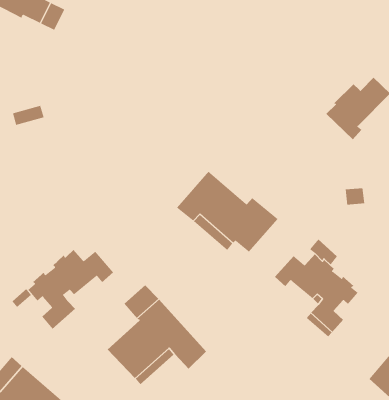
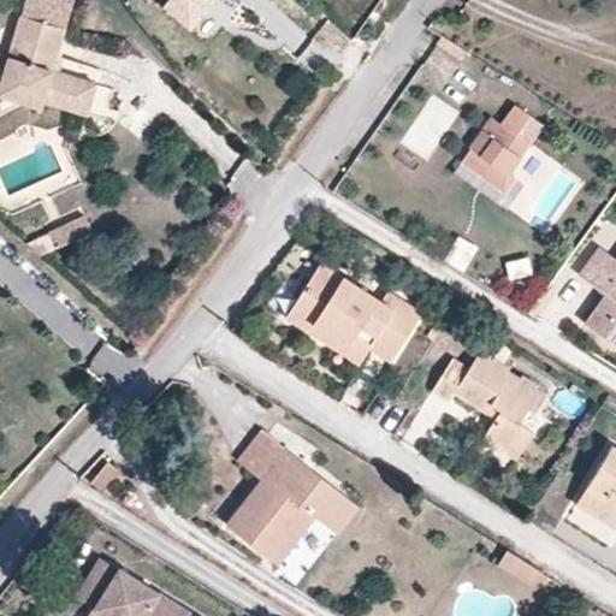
building: [28,249,114,329] -> none

